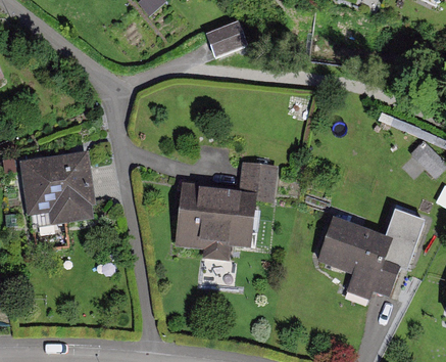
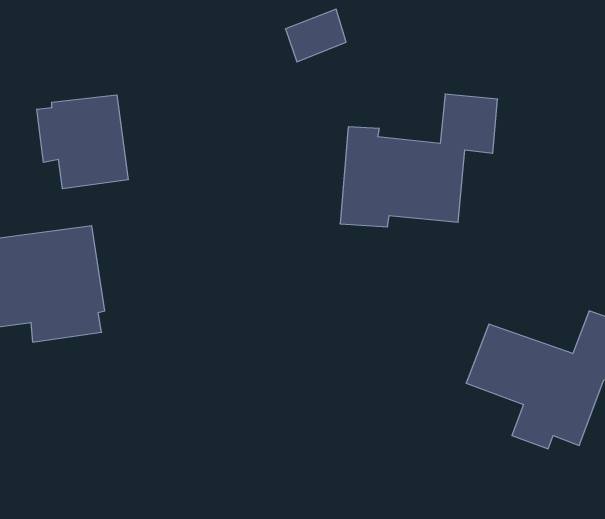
building: none -> [37,95,128,189]
building: [178,159,276,241] -> [340,94,498,227]

